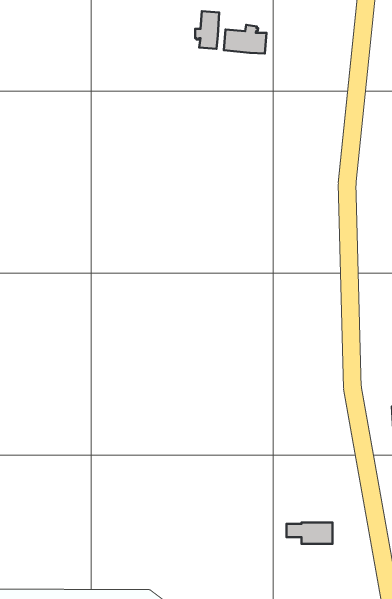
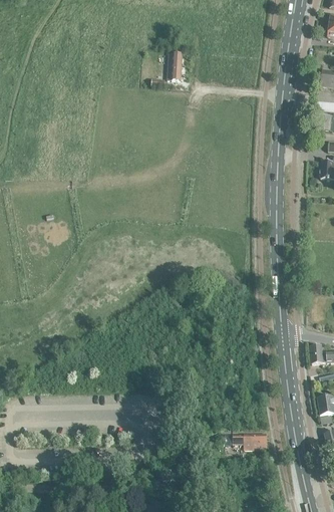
building: [224,25,267,54] -> none

